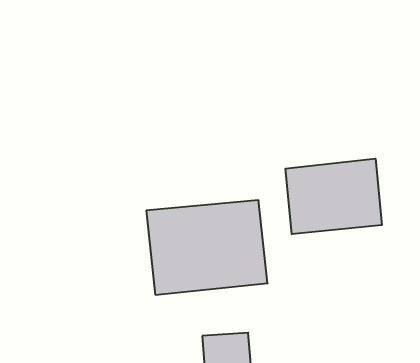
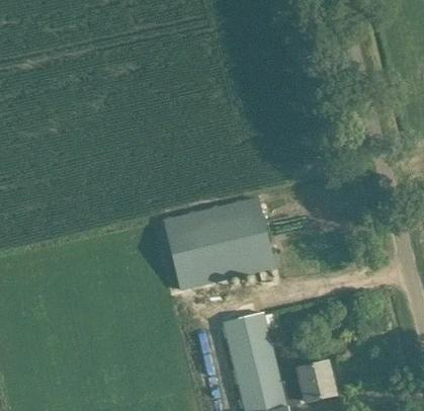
building: [286,159,382,234] -> none

